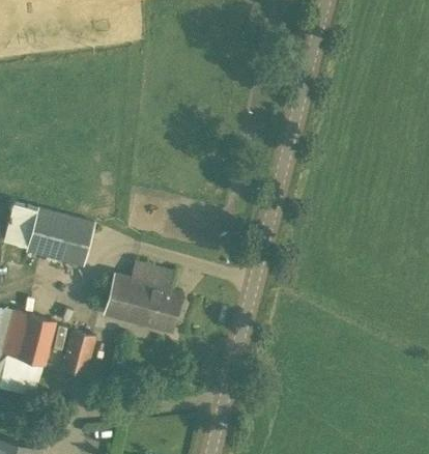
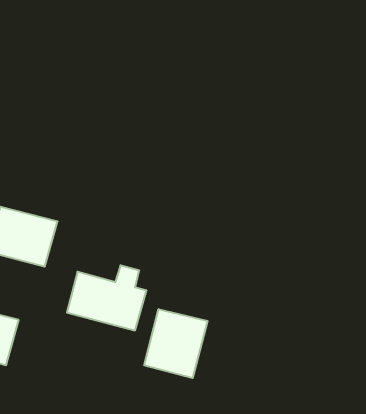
building: none -> [144,309,208,378]
building: [60,330,96,376] -> none

